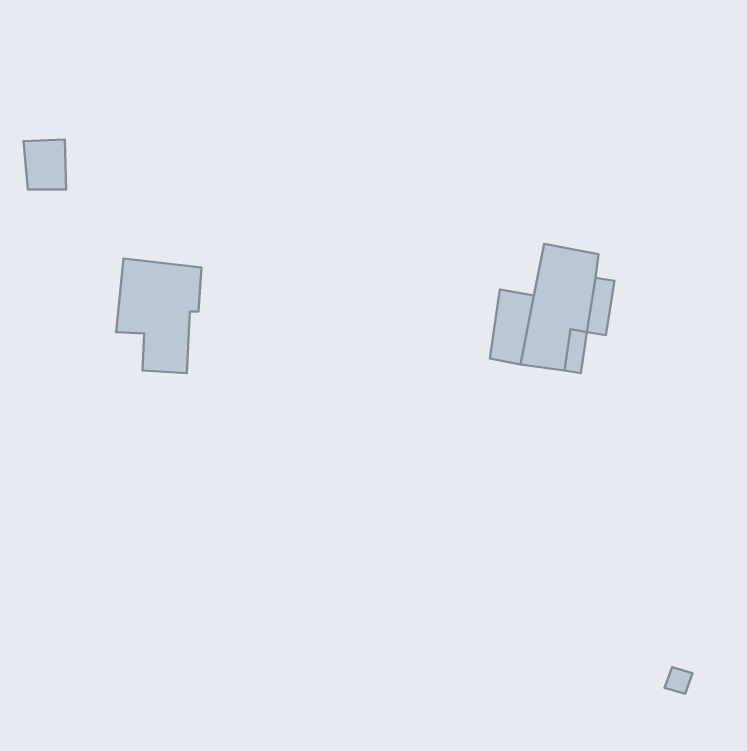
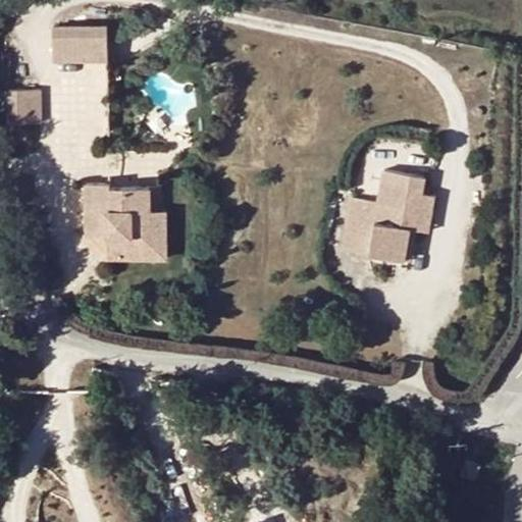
building: none -> [61,30,115,63]
building: none -> [133,216,162,261]

